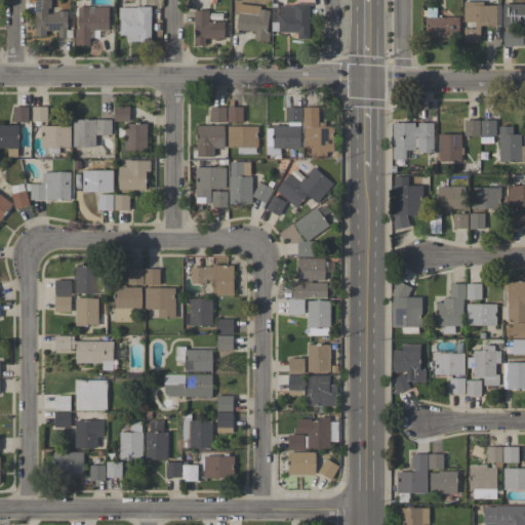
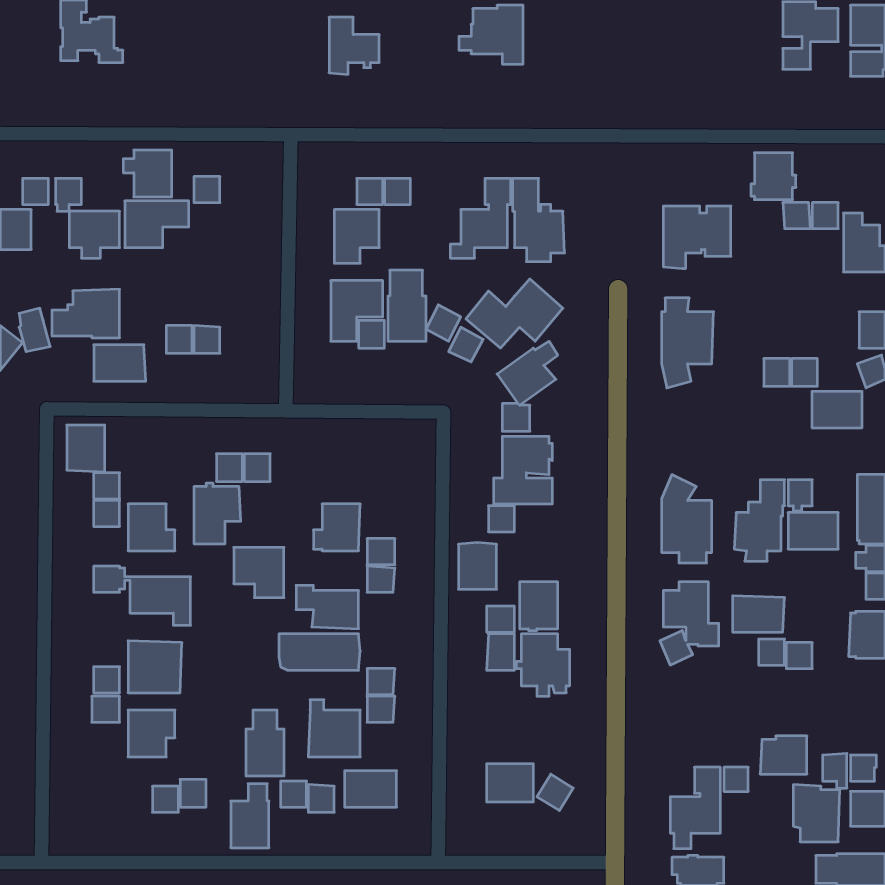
building: [235,4,270,40] -> none
building: [76,6,110,44] -> none
building: [115,6,152,41] -> none
building: [426,7,459,40] -> none
building: [119,122,148,150] -> [123,150,172,197]
building: [228,125,258,154] -> none
building: [437,133,463,161] -> [751,153,796,200]
building: [119,159,151,189] -> none
building: [83,169,114,191] -> [94,345,146,381]
building: [437,186,465,209] -> none
building: [471,187,500,208] -> [812,391,862,428]
building: [192,266,234,296] -> none
building: [76,267,98,294] -> [67,425,105,472]
building: [146,288,175,318] -> [234,547,284,598]
building: [308,300,330,328] -> [458,543,497,589]
building: [468,346,500,387] -> none
building: [288,417,338,450] -> none
building: [120,421,143,459] -> [231,784,269,848]
building: [54,452,84,474] -> none
building: [430,471,457,493] -> [760,736,807,774]

